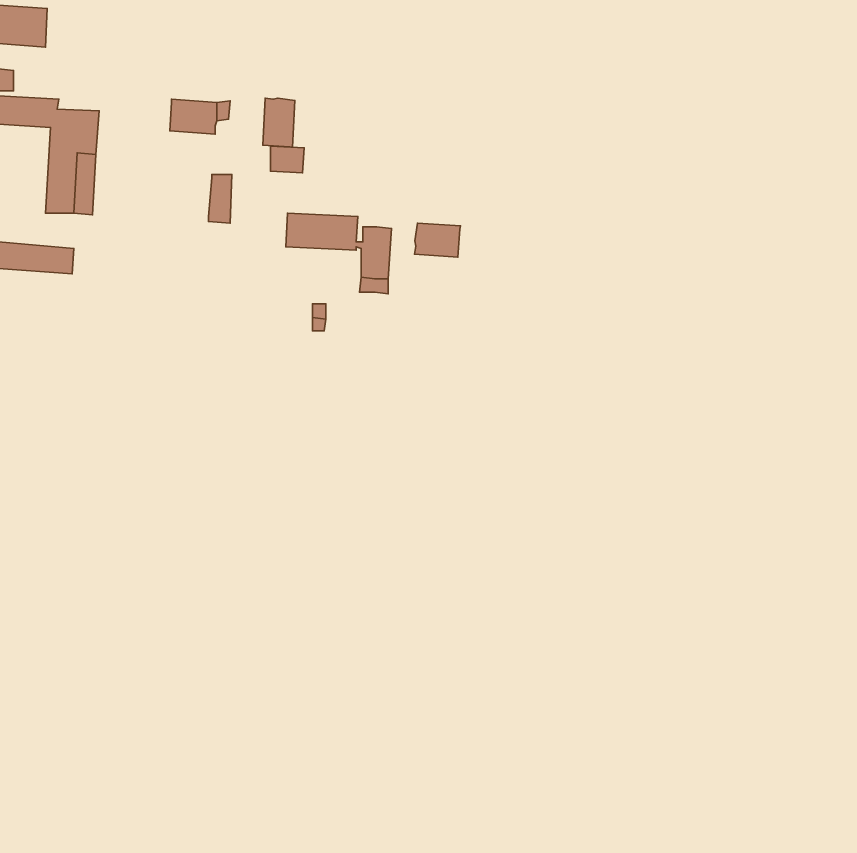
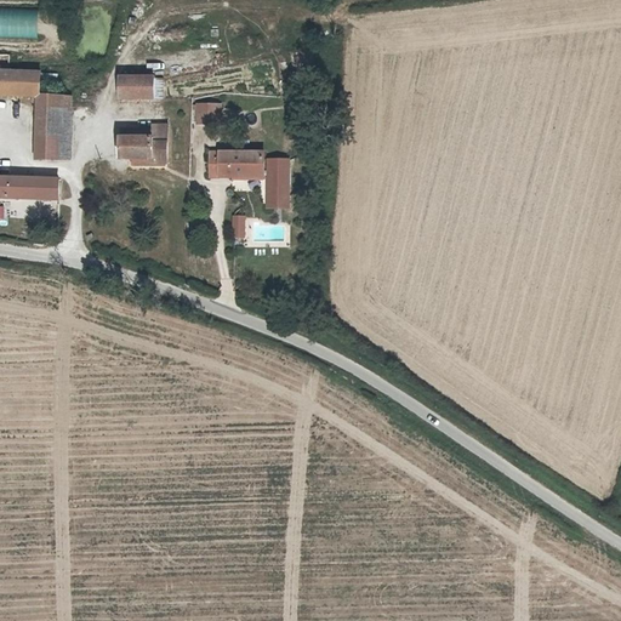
building: [263,98,295,147] -> none
building: none -> [119,127,153,156]
building: [415,223,460,257] -> none

